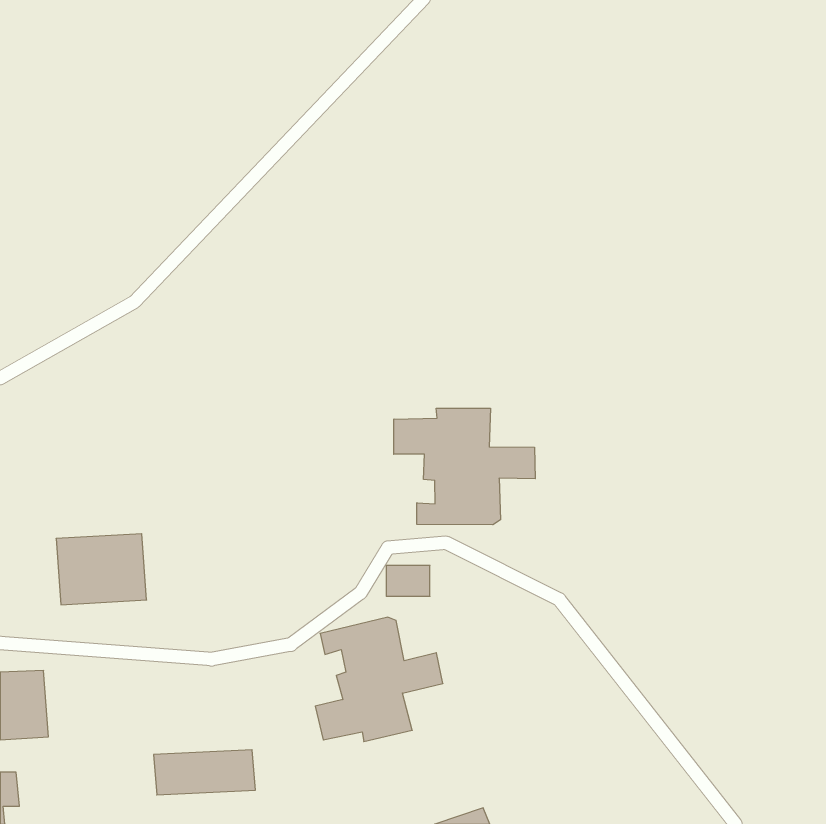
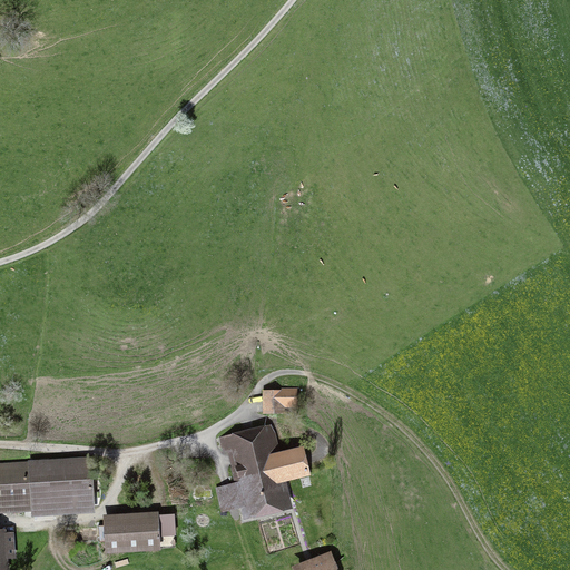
building: [394,408,535,525] -> none
building: [56,534,147,605] -> [30,459,92,508]

